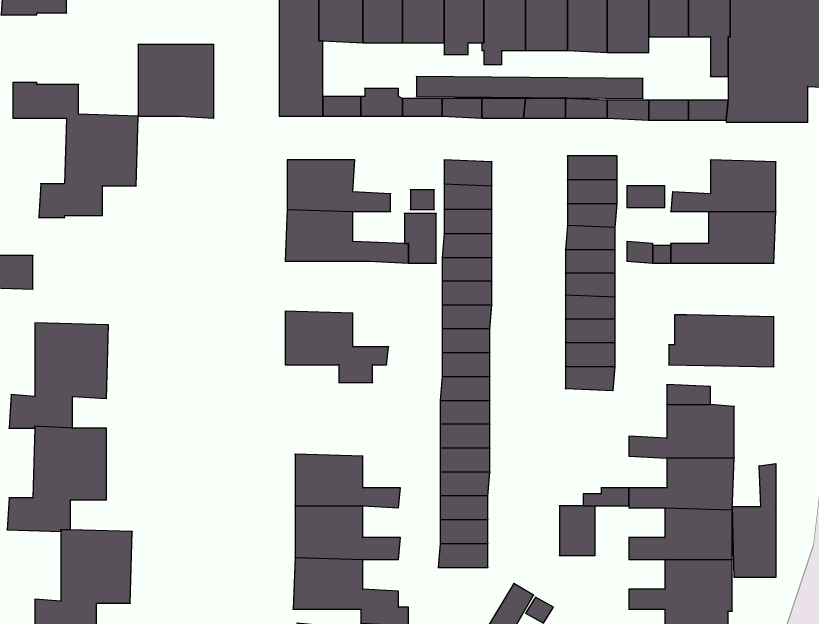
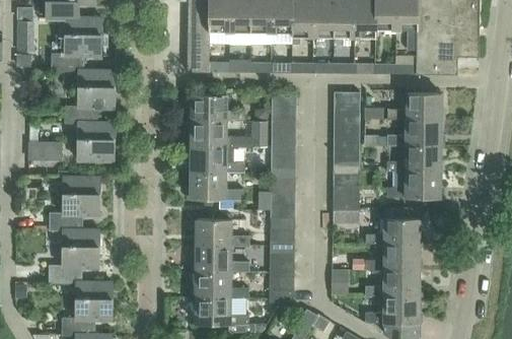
building: [138,45,214,118] -> [64,18,102,56]
building: none -> [77,122,115,160]
building: none -> [191,145,243,172]
building: none -> [387,146,440,174]
building: none -> [196,217,249,245]
building: [732,464,776,577] -> none

